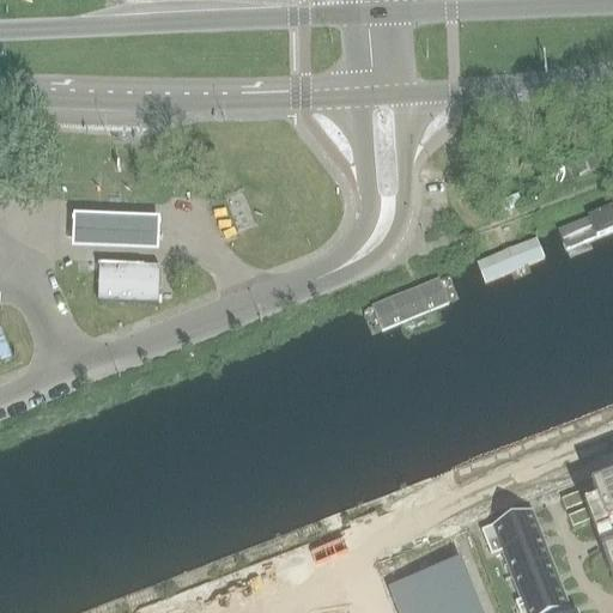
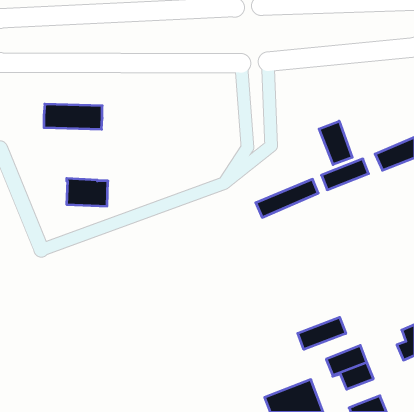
building: none -> [319,121,352,165]
building: [73,214,159,251] -> [44,104,102,129]
building: none -> [298,317,346,349]
building: [512,559,562,600] -> none

